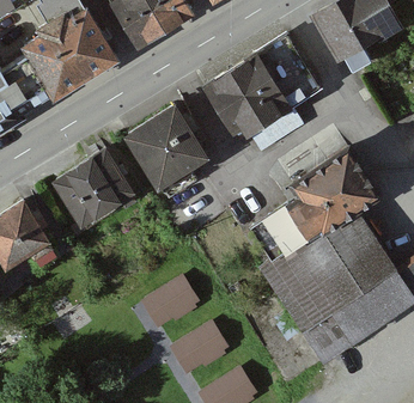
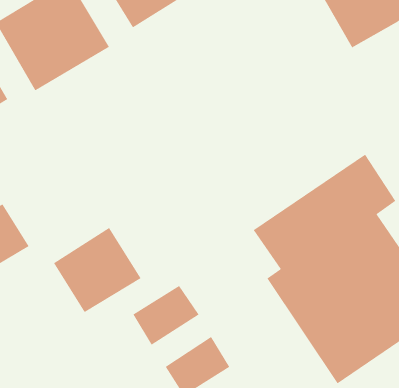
building: [196,33,321,148] -> none
building: [126,104,206,184] -> none
building: [55,147,134,224] -> [53,227,142,313]

